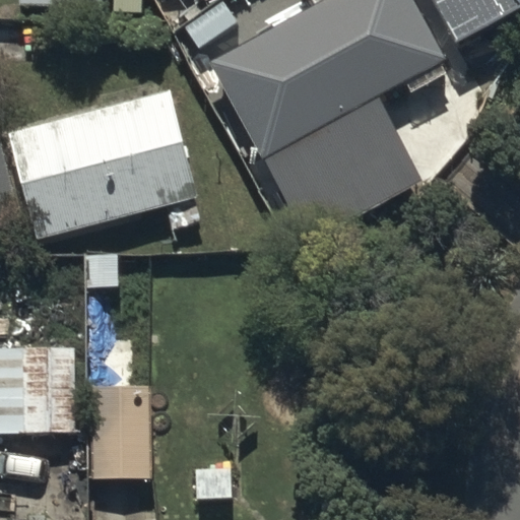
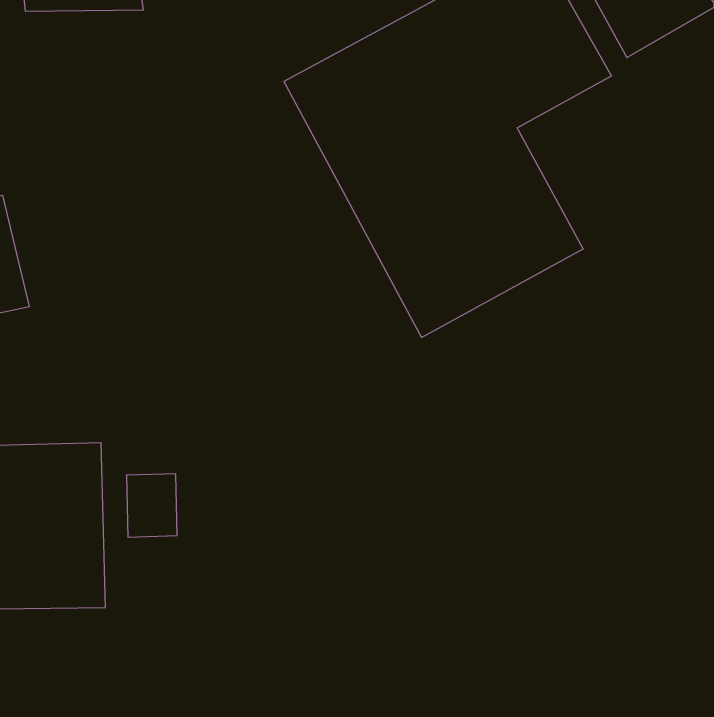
building: [10,89,199,238] -> none
building: [88,392,153,484] -> none

